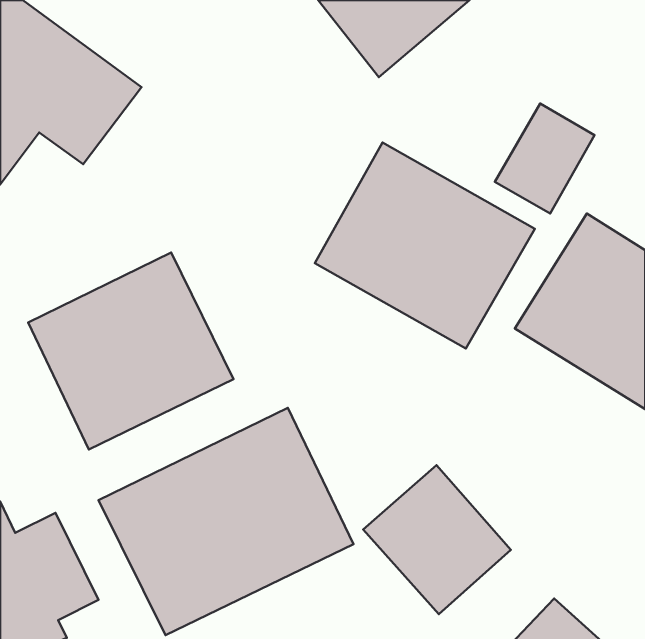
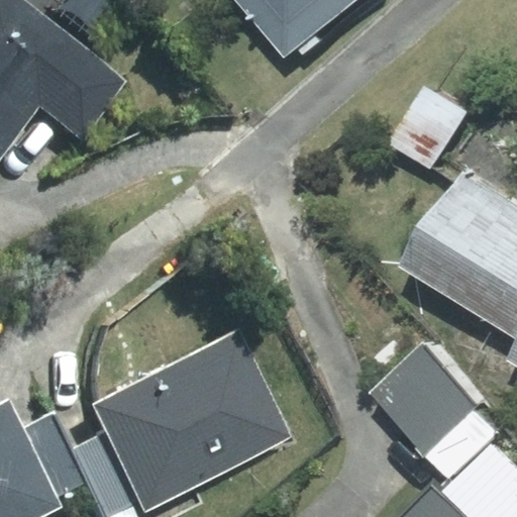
building: [315,142,535,348] -> none
building: [28,252,233,449] -> none
building: [363,465,511,614] -> [377,343,495,462]

